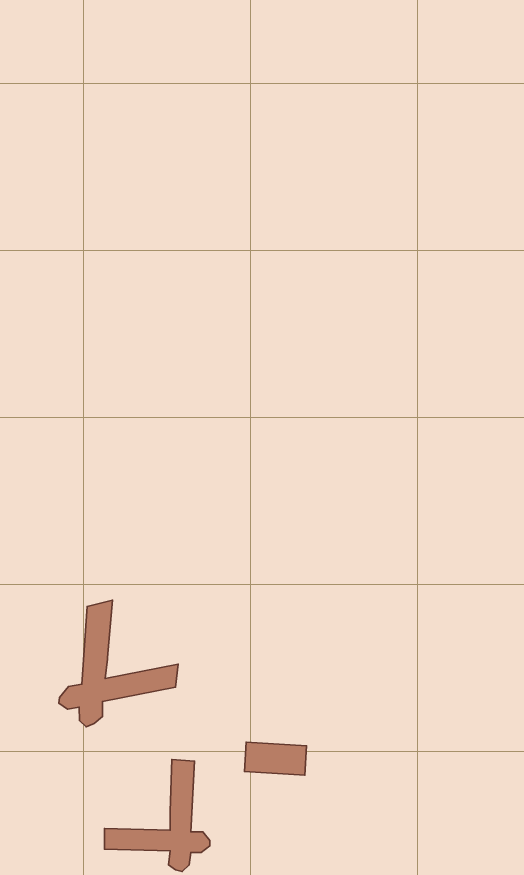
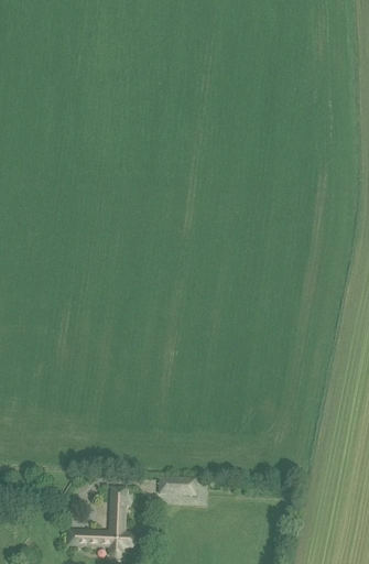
building: [59,600,178,727] -> none

